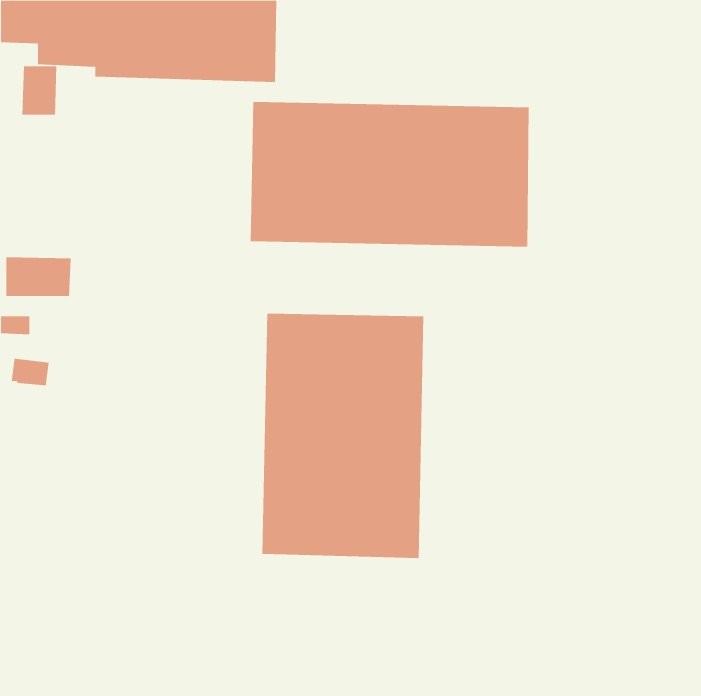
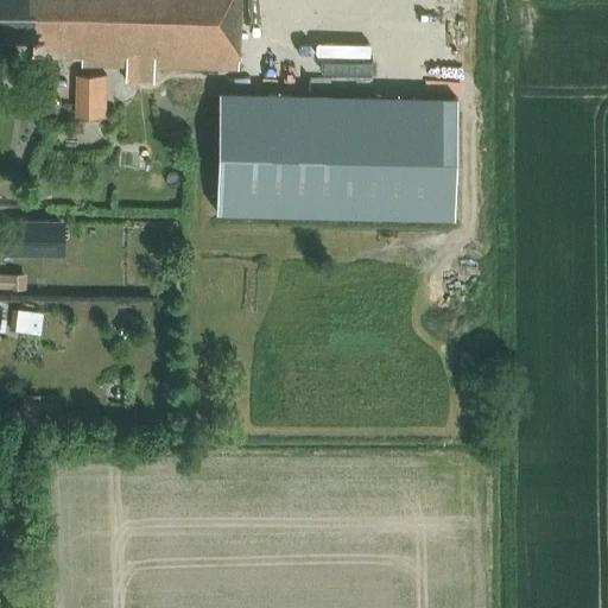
building: [22,66,57,115] -> [76,78,107,121]
building: [262,313,424,559] -> none

